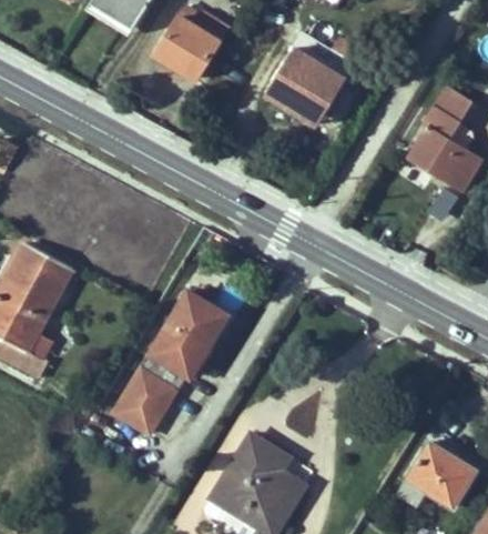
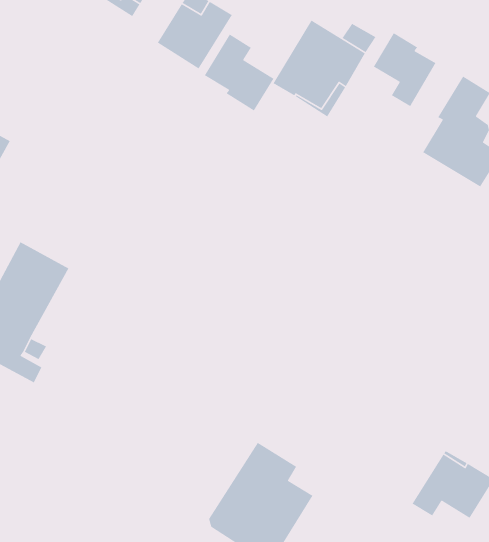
building: none -> [373,32,436,107]
building: none -> [204,33,274,111]
building: [115,290,228,433] -> none

